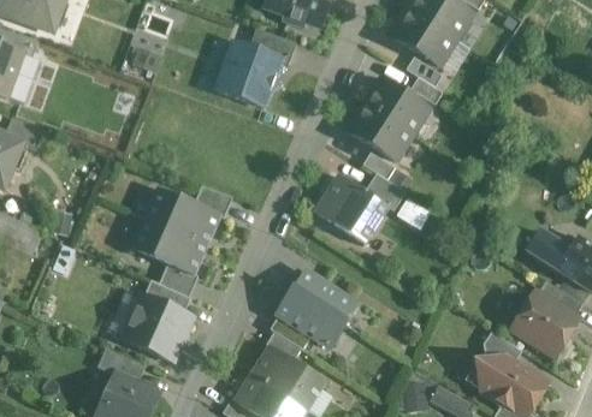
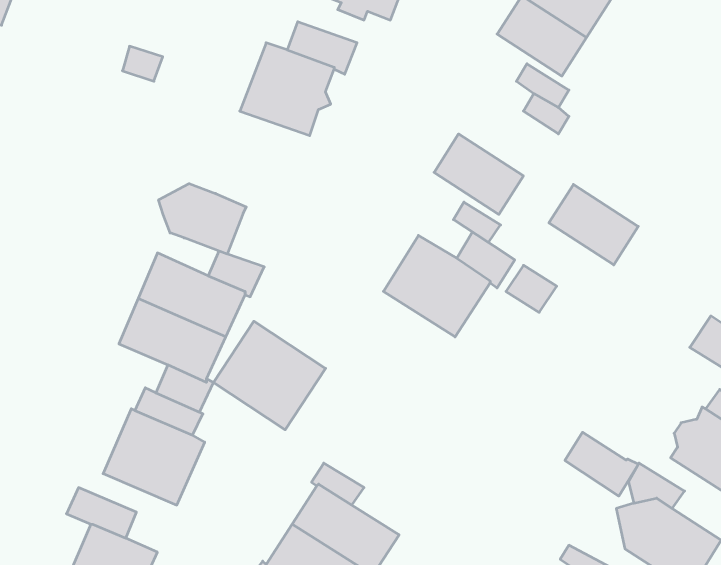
building: [366,79,427,135] -> [549,184,638,265]
building: none -> [159,184,246,254]
building: [279,272,356,346] -> [213,321,326,430]
building: none -> [565,432,638,496]

